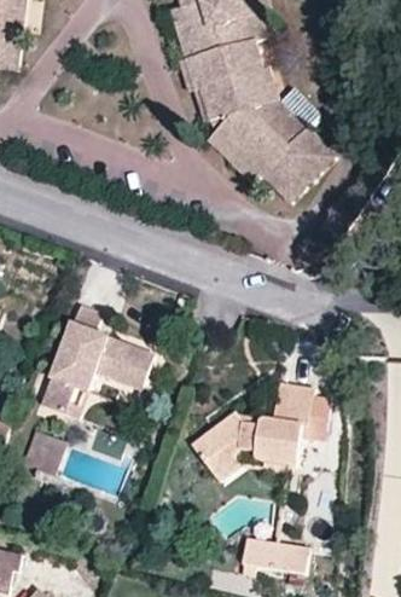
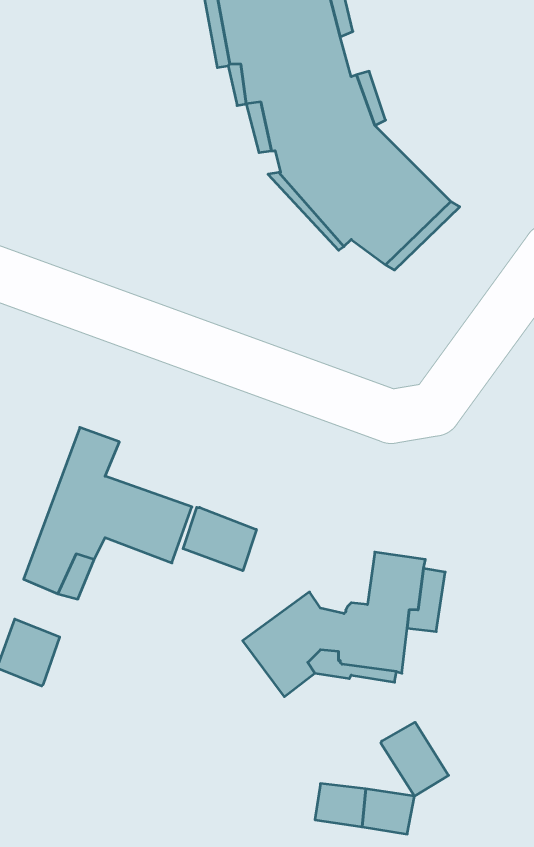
building: none -> [183,507,256,571]
building: none -> [381,722,449,796]

